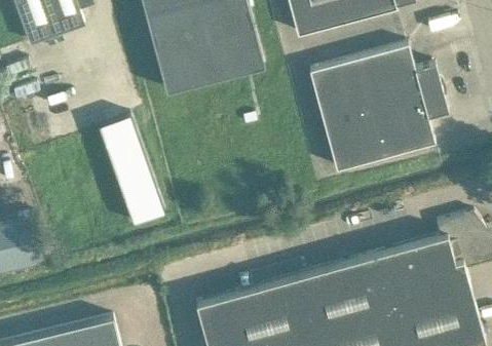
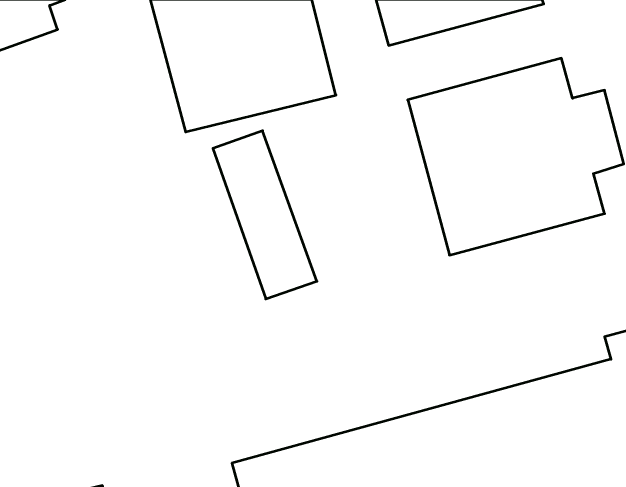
building: [99,117,165,225] -> [213,131,317,299]

